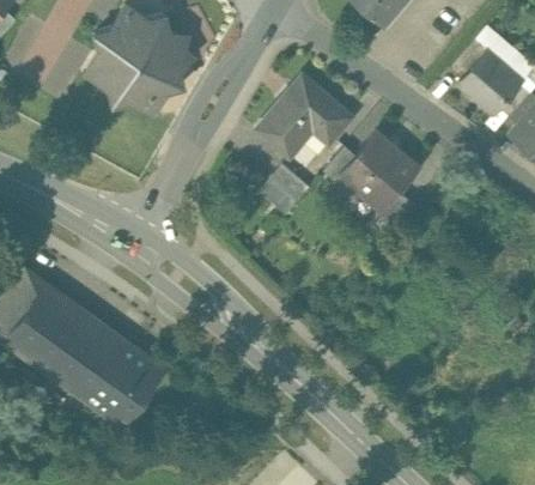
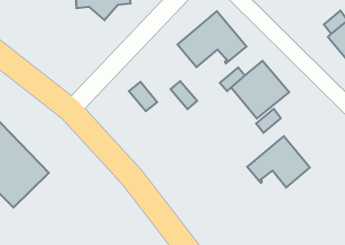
building: [270,164,311,202] -> [129,82,157,111]
building: none -> [247,136,310,188]
building: [75,334,164,425] -> none

